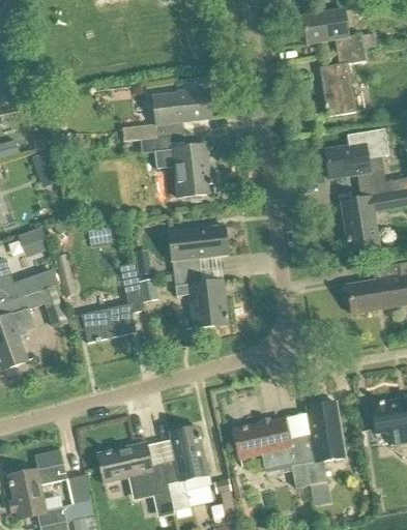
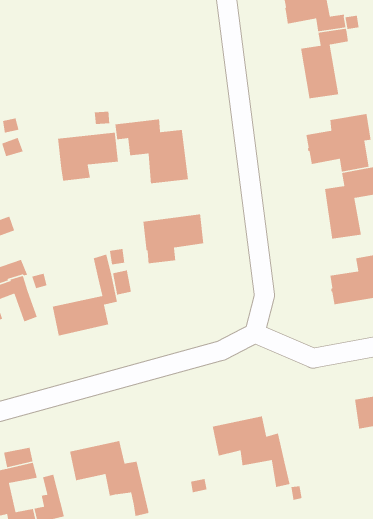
building: [152,89,211,137] -> [57,132,119,181]
building: [173,270,227,327] -> none
building: [298,401,345,484] -> none
building: [163,425,214,510] -> none

